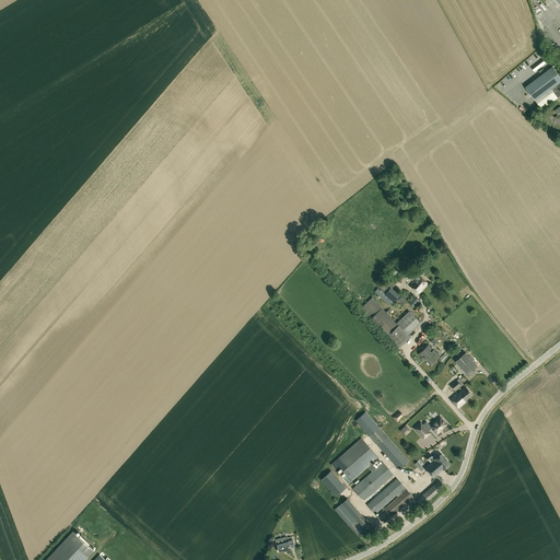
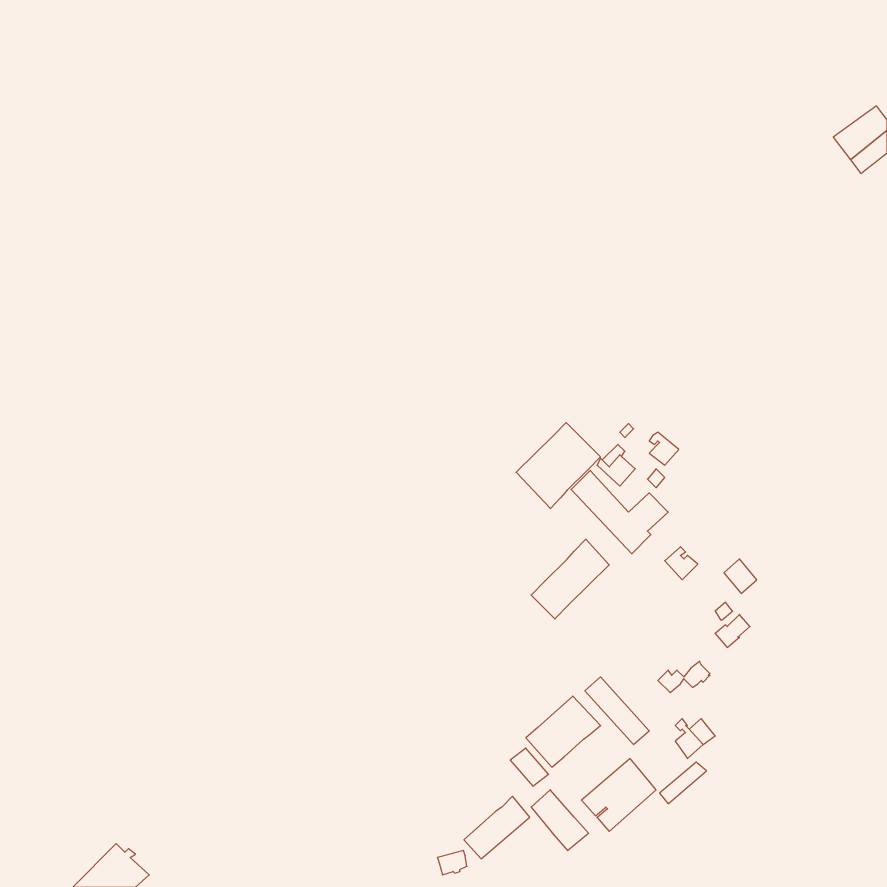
building: none -> [516,423,600,509]
building: none -> [531,539,609,619]
building: [352,462,394,501] -> [464,796,530,859]

